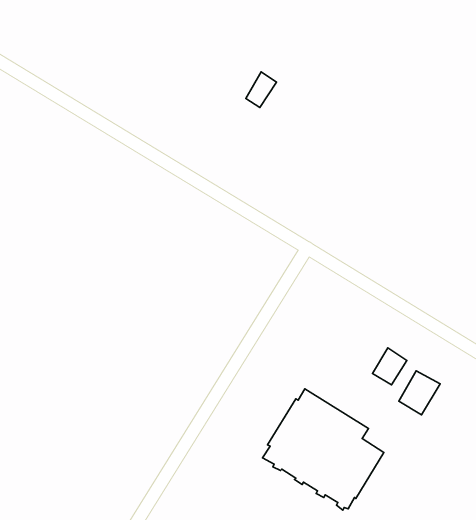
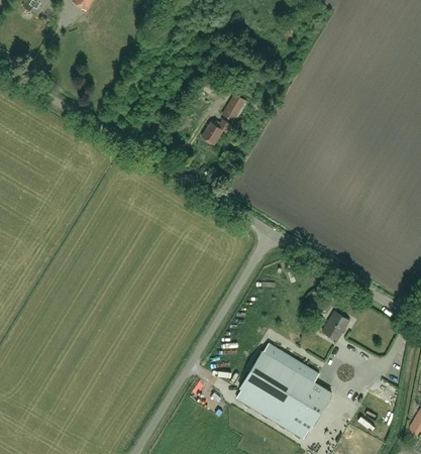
building: none -> [202,119,232,144]
building: [399,371,440,415] -> none

